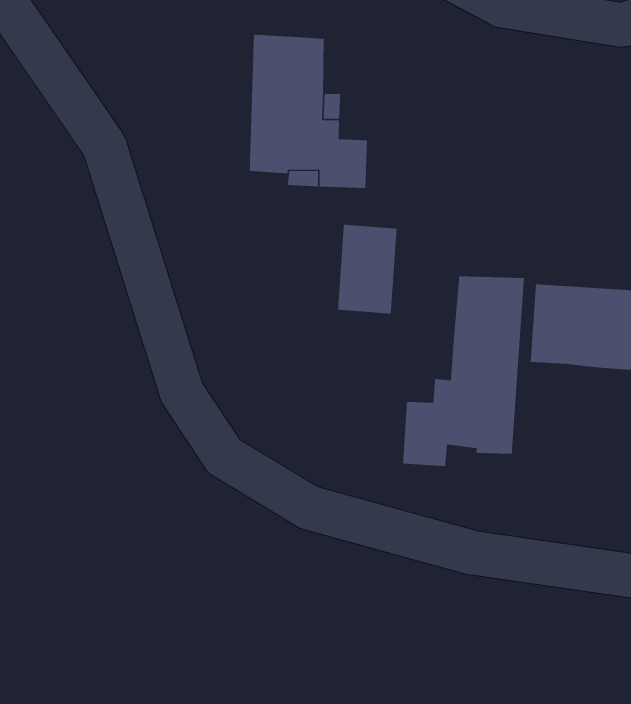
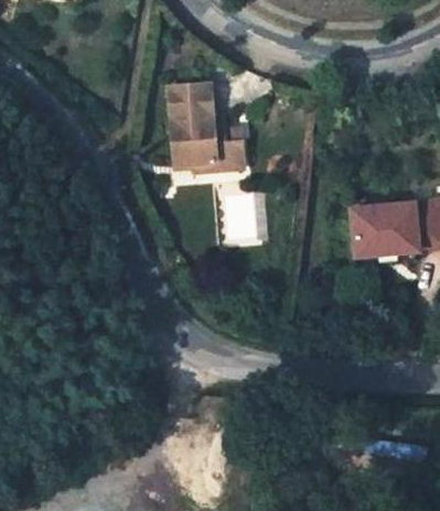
building: [402,276,525,467] -> none

